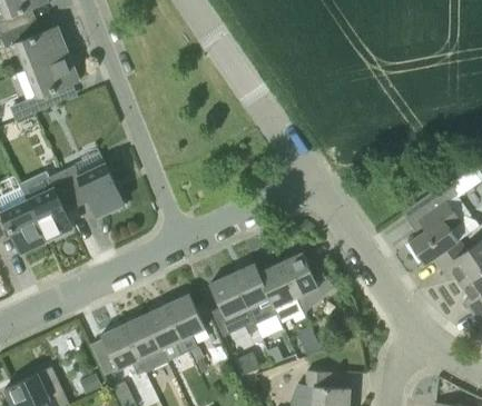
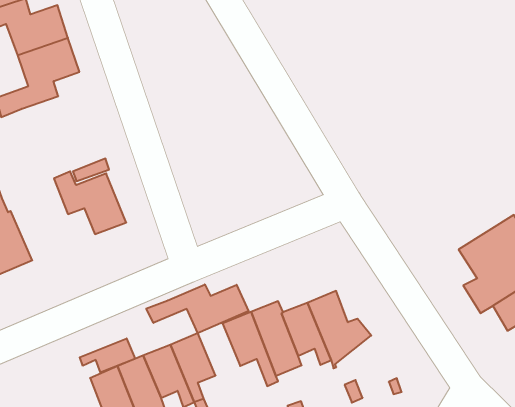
building: [28,171,76,240] -> none
building: none -> [146,284,249,333]
building: none -> [80,338,135,373]

